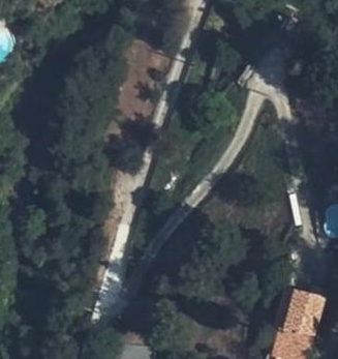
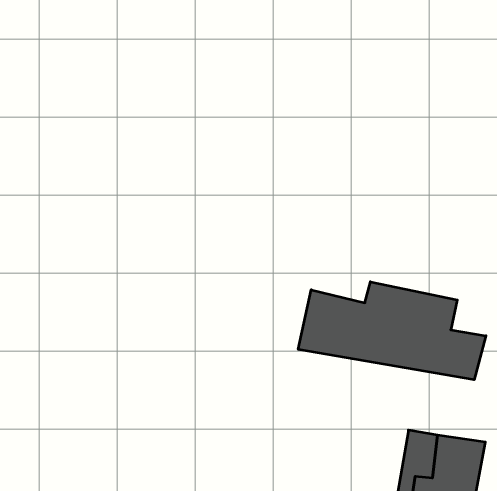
building: none -> [298,282,486,380]

